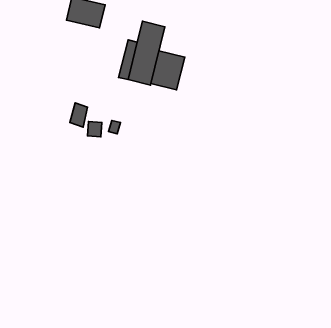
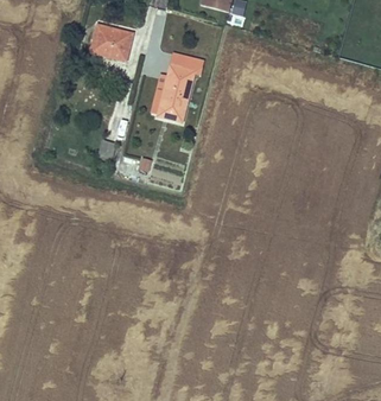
building: [151,51,185,90] -> none

